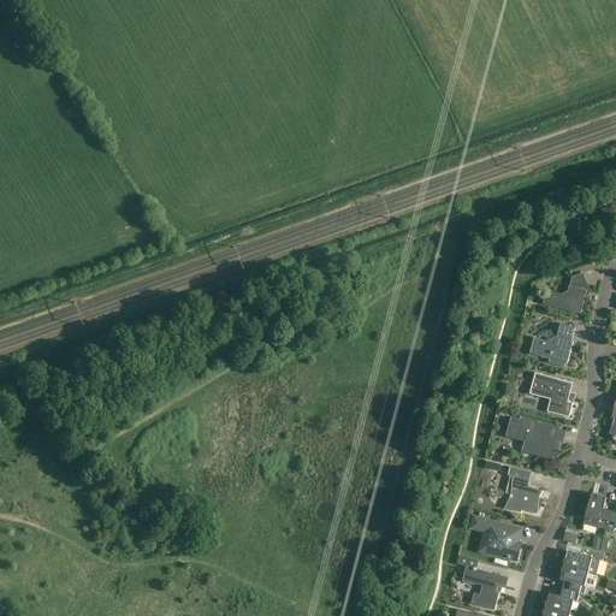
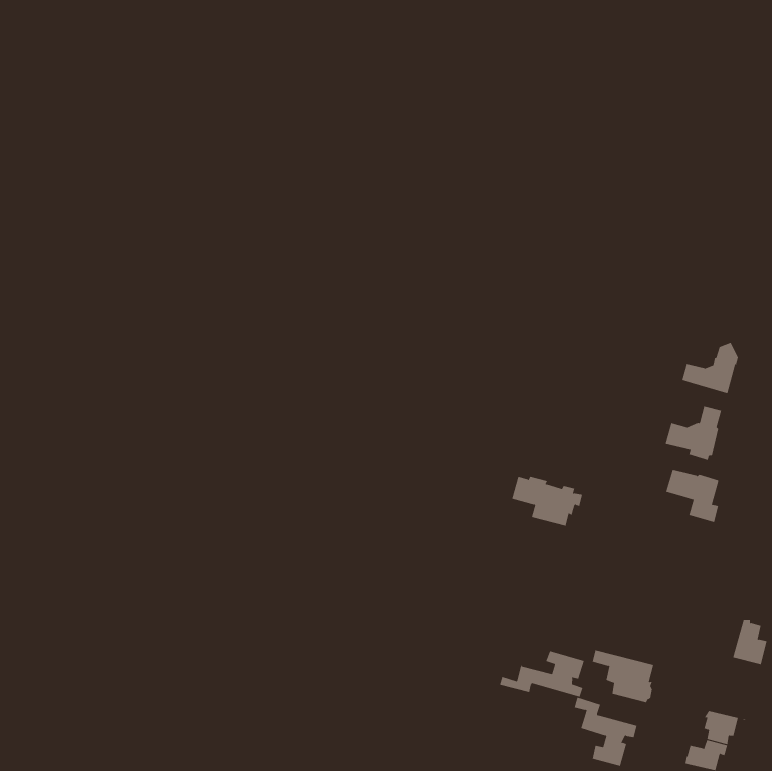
building: [507,416,563,456] -> [512,476,583,526]
building: [503,466,541,513] -> none
building: none -> [500,650,585,698]
building: [563,545,604,573] -> none

